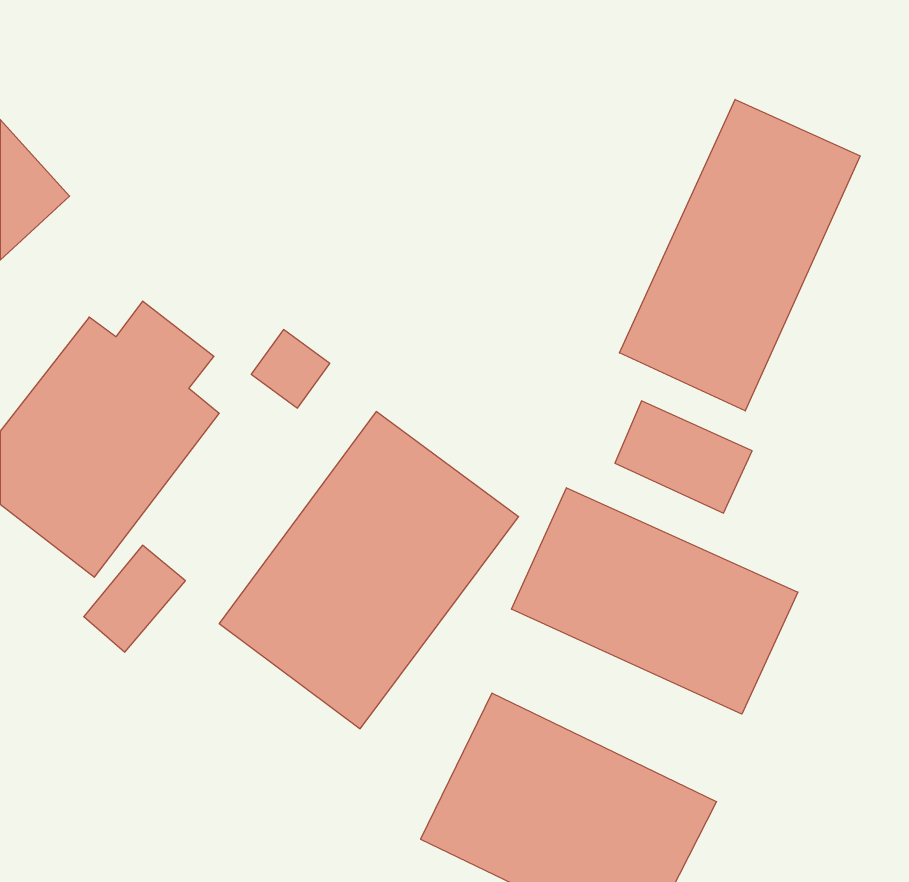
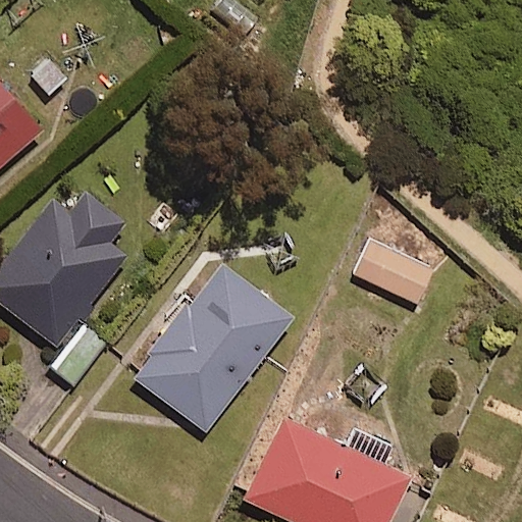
building: [619,99,860,411] -> none
building: [512,488,798,714] -> none

